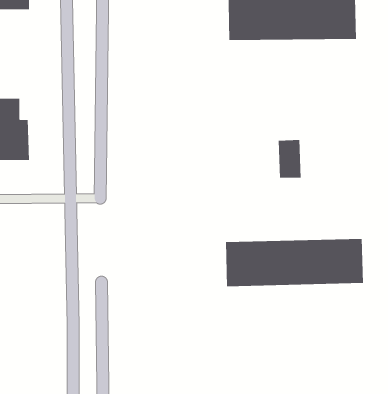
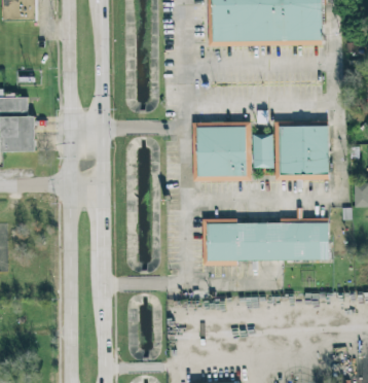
building: none -> [193,121,251,180]
building: none -> [275,121,328,179]

